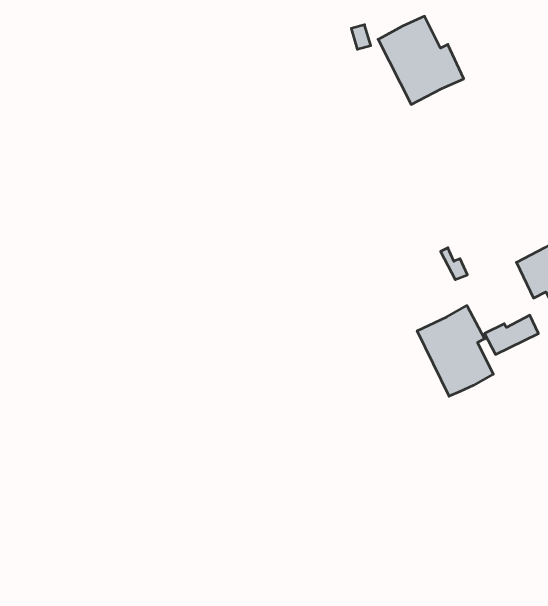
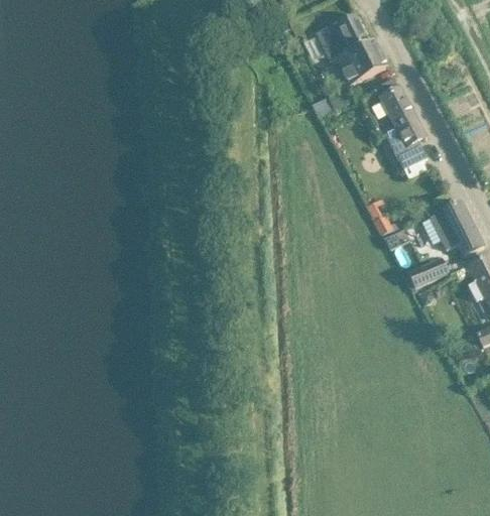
building: none -> [379,87,426,178]
building: [417,306,493,396] -> none

